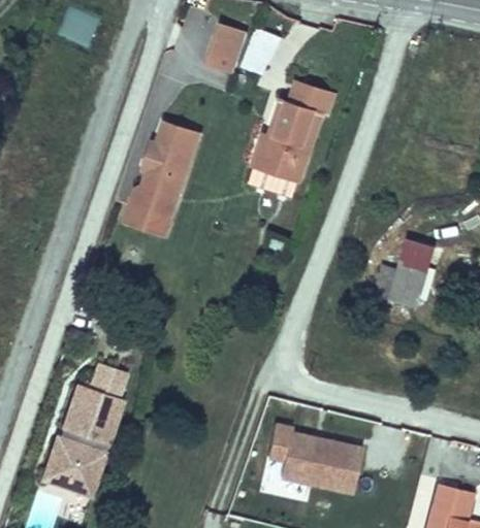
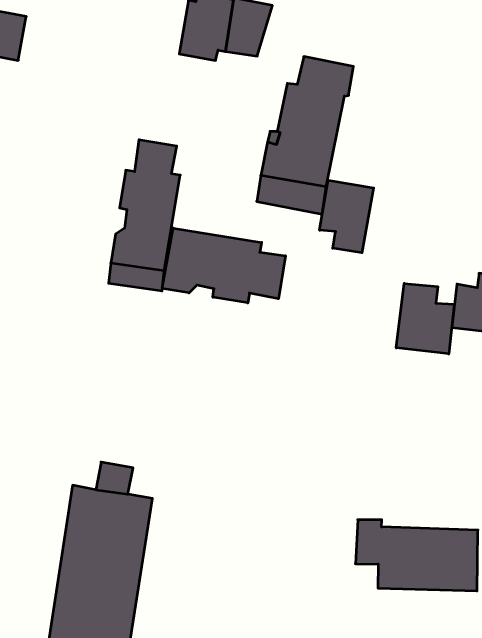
building: none -> [320,180,374,253]
building: none -> [162,228,285,303]
building: none -> [396,283,454,354]

